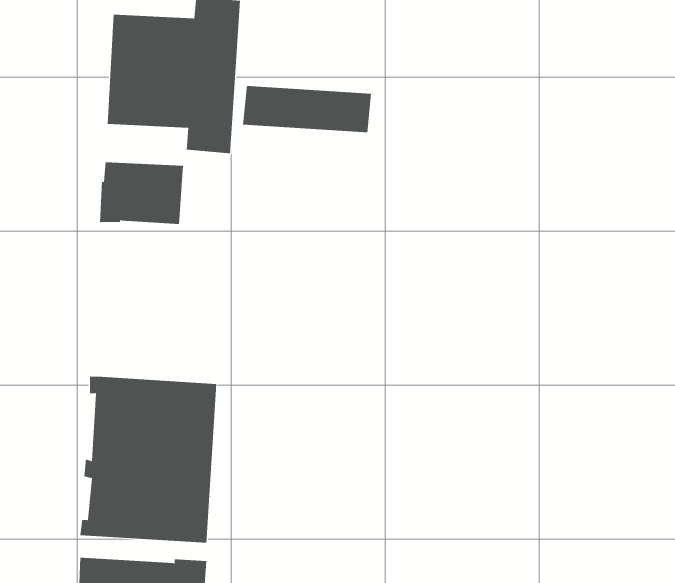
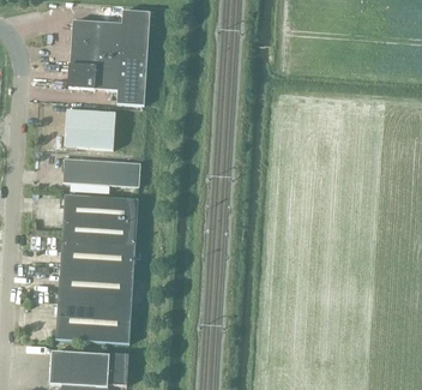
building: [242,86,372,133] -> [61,157,140,186]
building: none -> [59,193,137,245]

